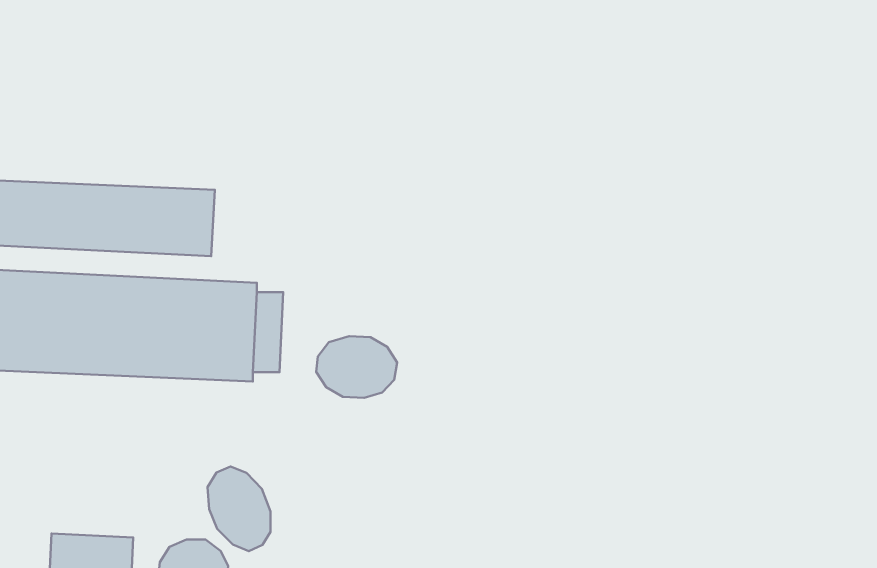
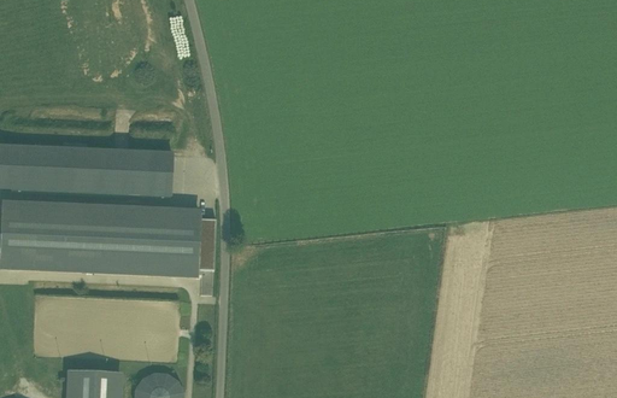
building: [316,336,397,398] -> none
building: [208,466,271,551] -> none

